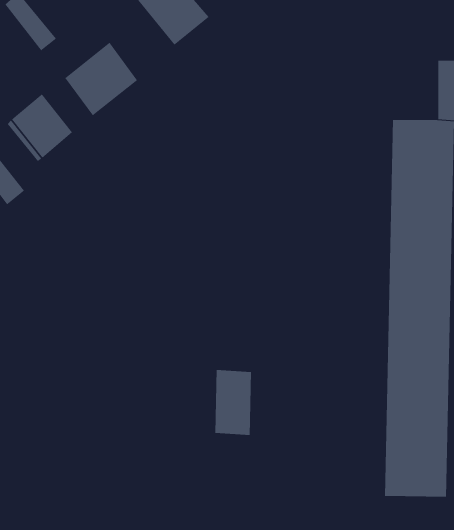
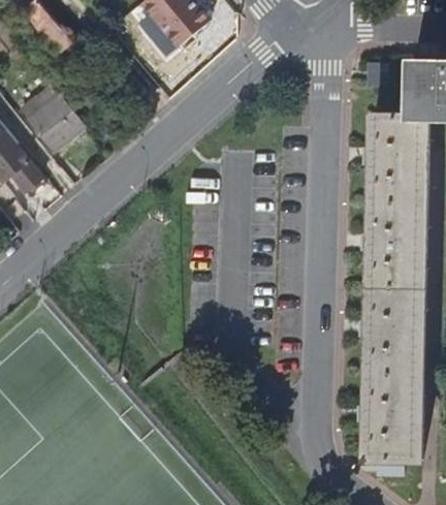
building: [64,42,138,116] -> none
building: [215,369,251,436] -> none

